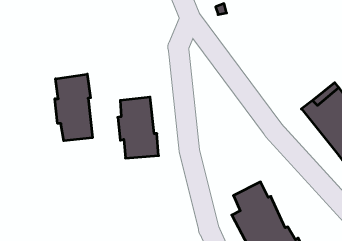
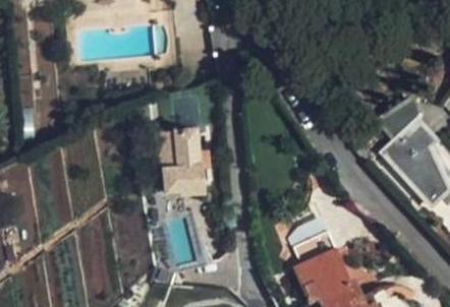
building: [55,74,92,141] -> none

